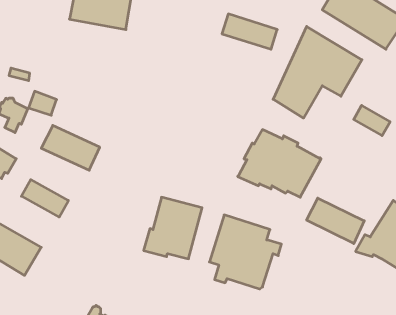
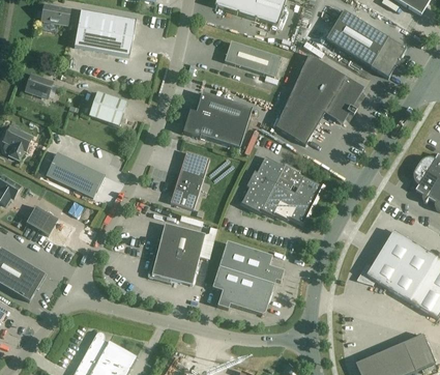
building: none -> [89,90,126,124]
building: none -> [182,91,252,147]
building: [28,91,57,115] -> [25,73,53,96]
building: [354,105,390,136] -> none
building: none -> [170,150,209,208]
building: [307,198,364,244] -> none

